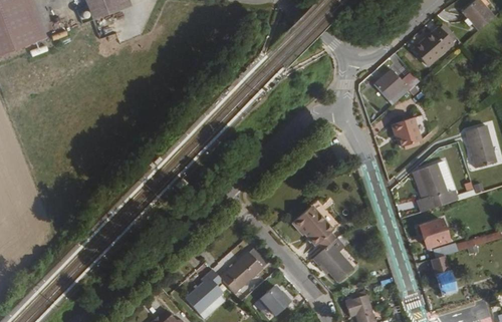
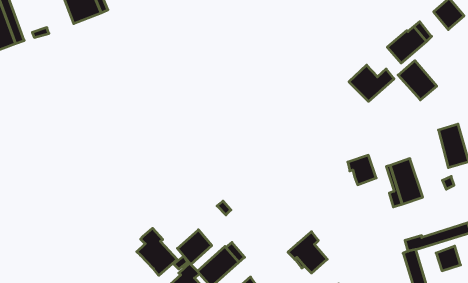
building: none -> [398,61,437,100]
building: [393,117,422,147] -> [348,155,376,185]
building: [292,206,335,249] -> none
building: [419,219,444,244] -> [436,246,461,271]
building: none -> [137,228,177,275]
building: none -> [177,230,212,264]

